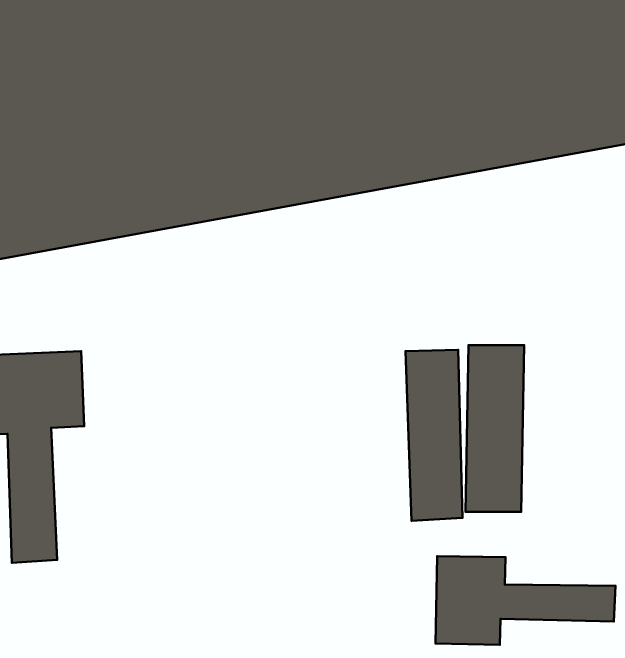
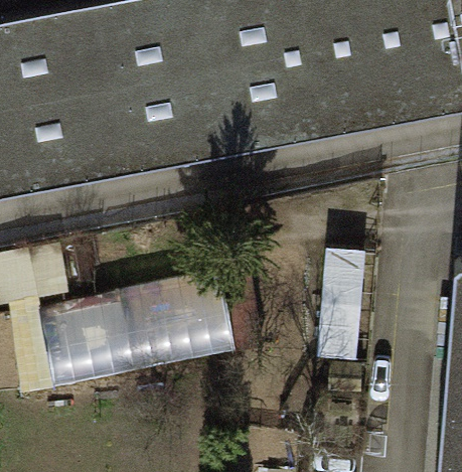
building: none -> [53,278,242,384]
building: [435,556,616,645] -> none

